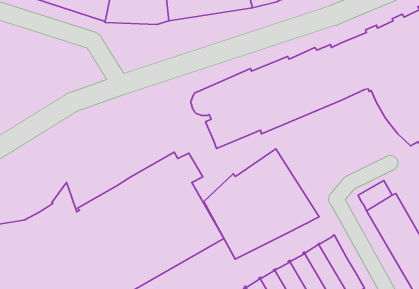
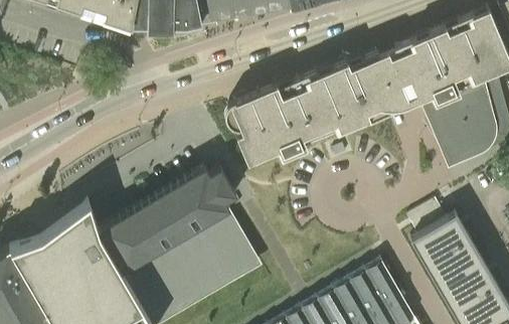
building: [204,149,319,259] -> none

